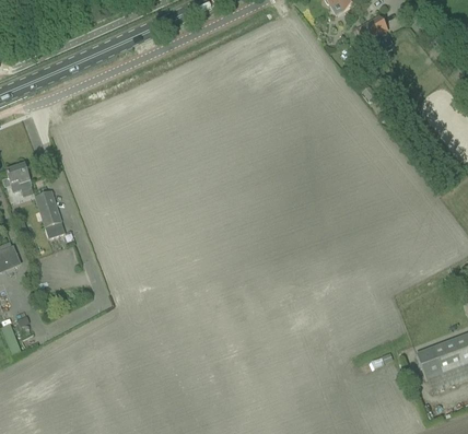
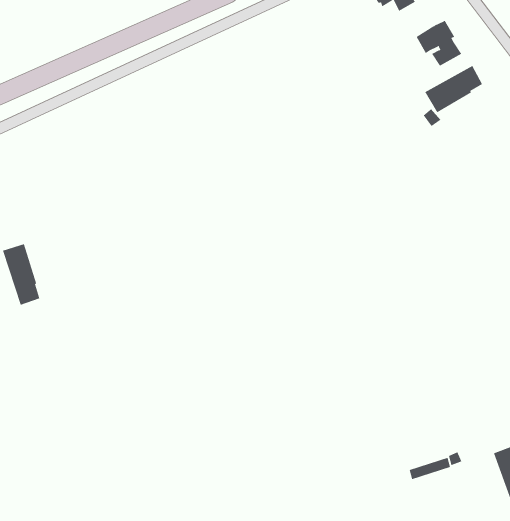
building: none -> [425,65,483,113]

